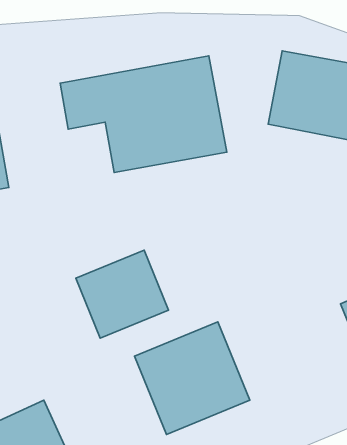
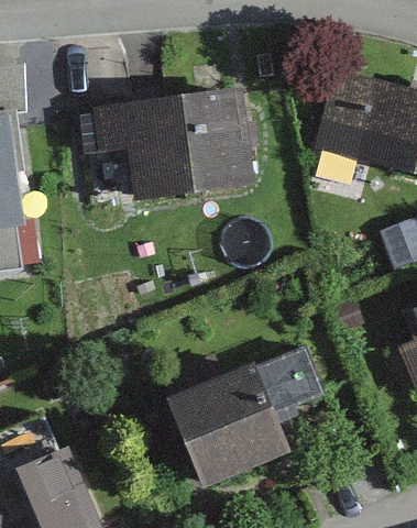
building: [76,250,169,338] -> none

